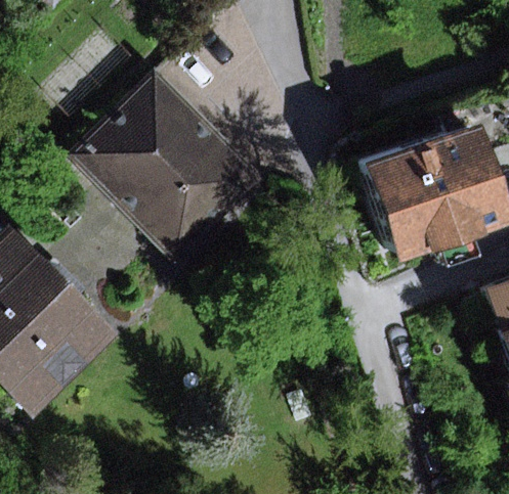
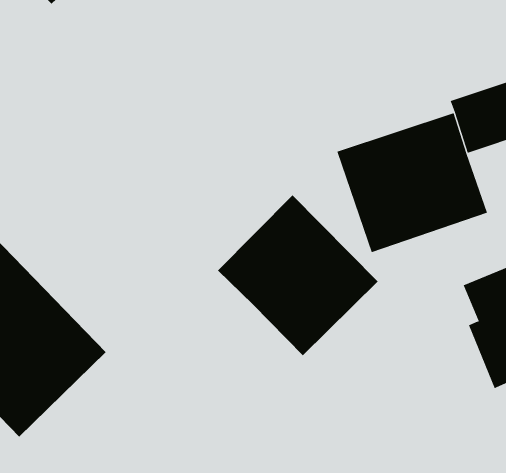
building: [89,81,275,267] -> none
building: none -> [217,195,379,356]

